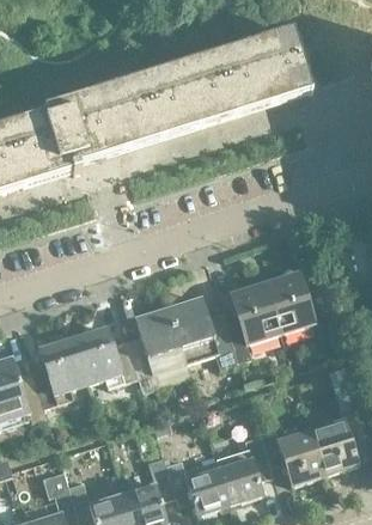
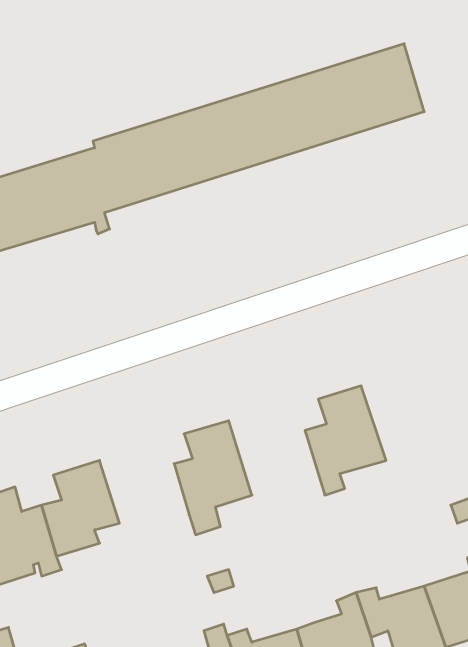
building: [263,271,331,337] -> none
building: [167,298,237,367] -> none
building: [74,326,139,386] -> none

